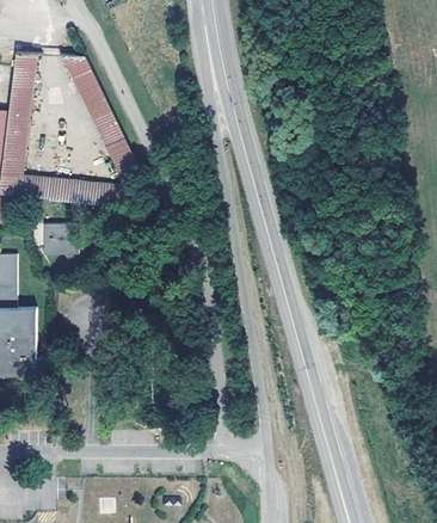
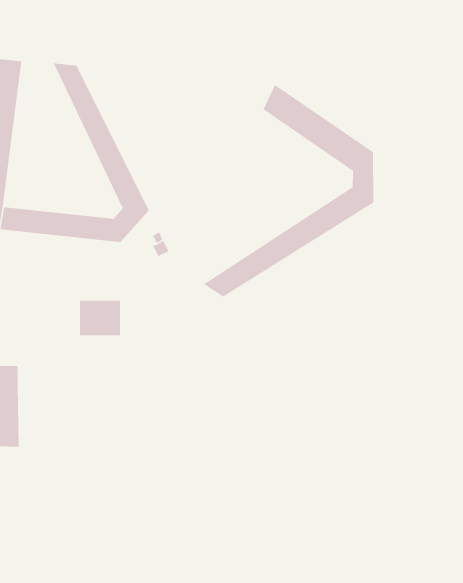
building: none -> [203,84,374,298]
building: [42,223,76,253] -> [79,300,121,336]

